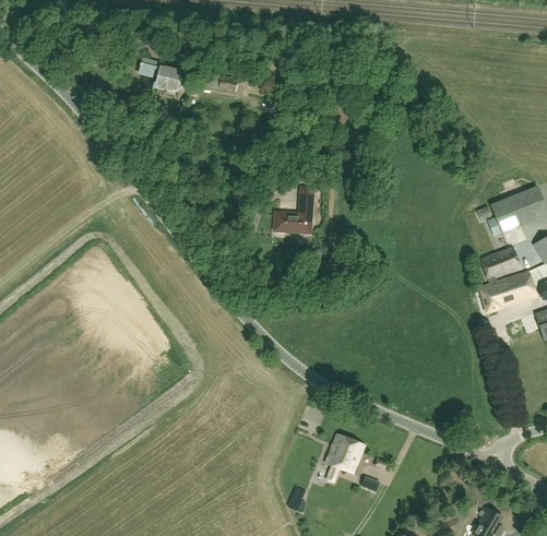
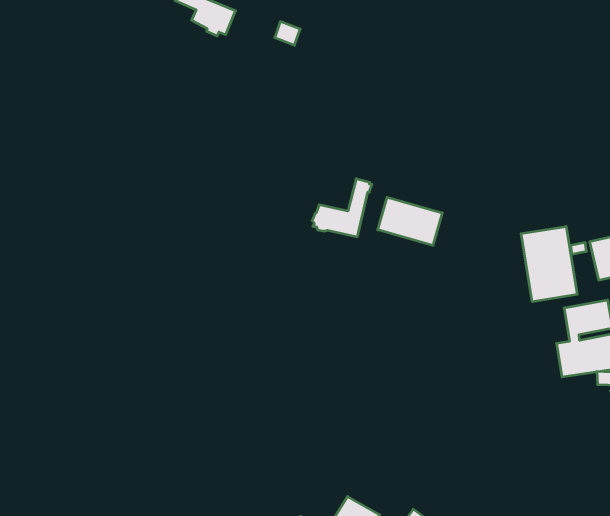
building: none -> [521,226,577,302]
building: none -> [378,197,442,245]

